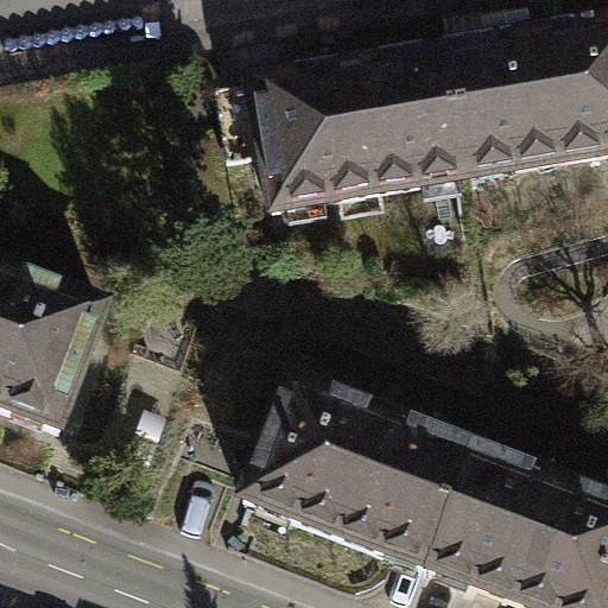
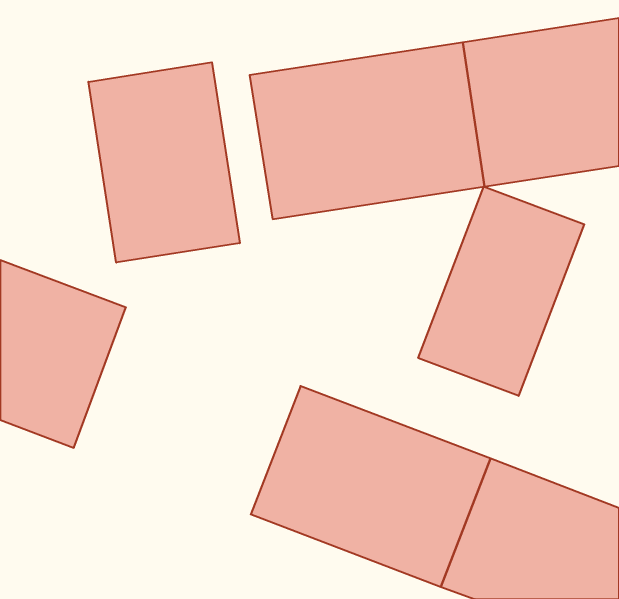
building: none -> [88,62,240,263]
building: none -> [418,186,584,396]

